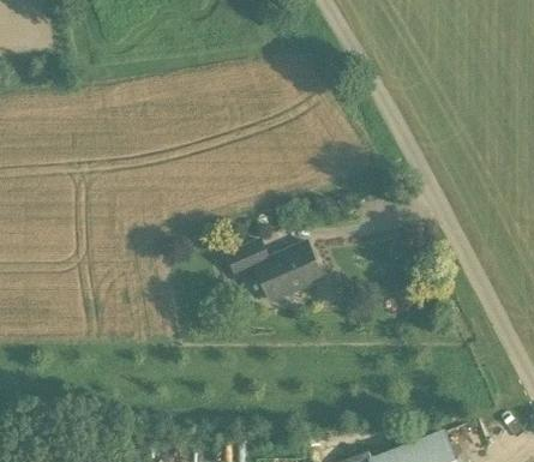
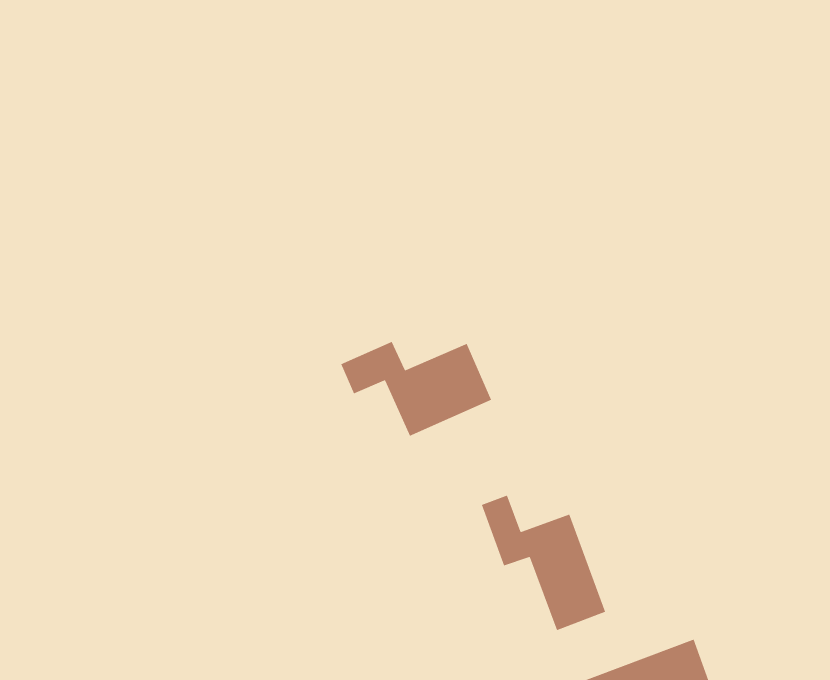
building: none -> [481,495,606,631]

